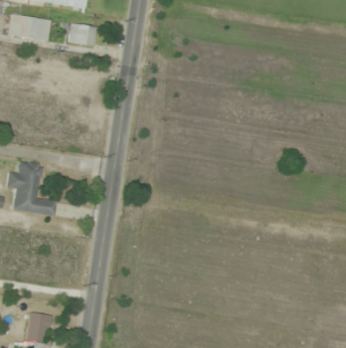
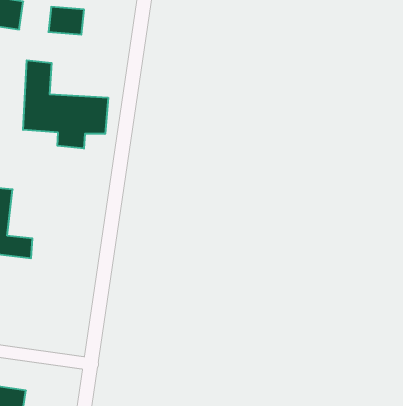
building: none -> [23,60,108,149]

